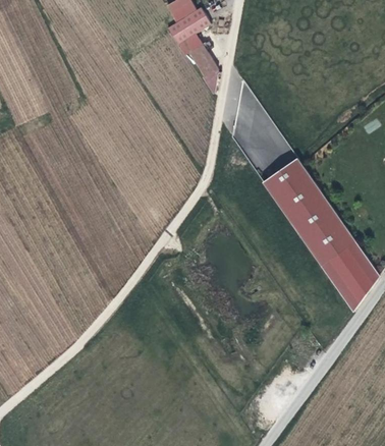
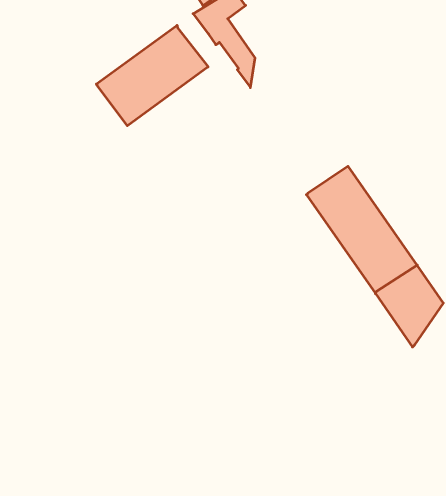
building: none -> [96,25,208,126]

